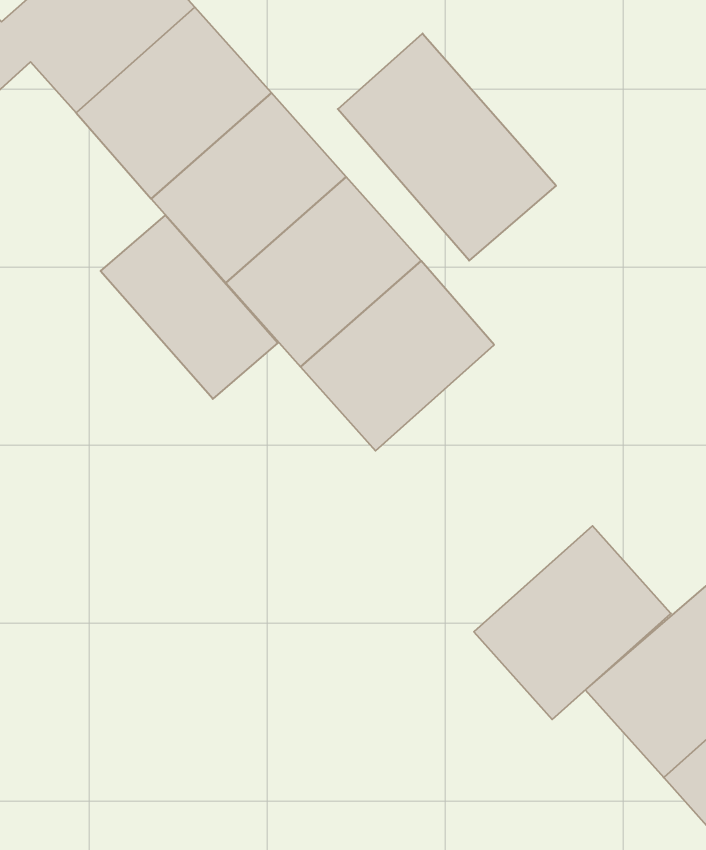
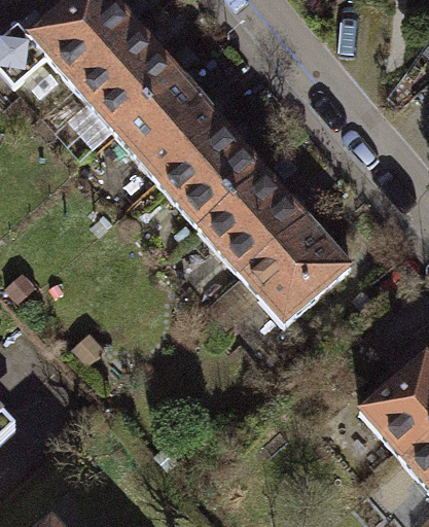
building: [338,33,556,261] -> none
building: [101,215,278,399] -> none
building: [474,526,671,719] -> [240,215,351,324]

